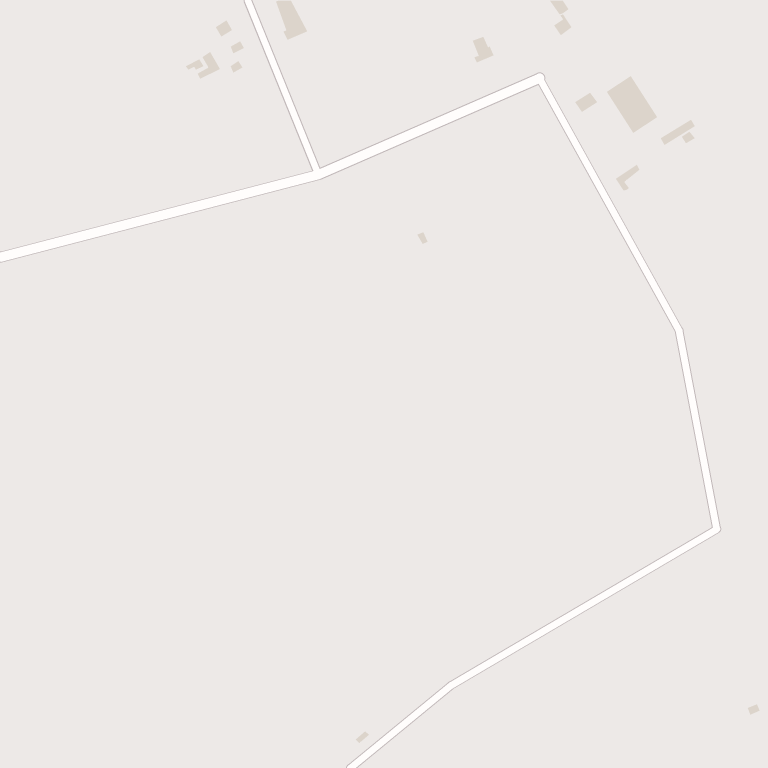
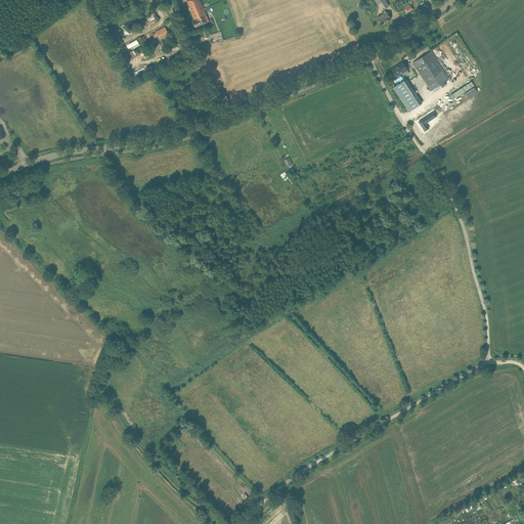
building: none -> [393,80,422,112]

